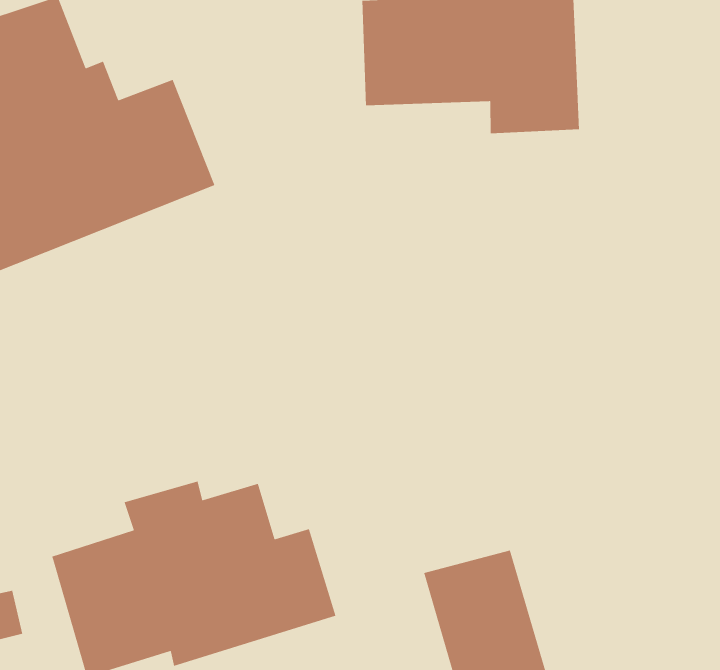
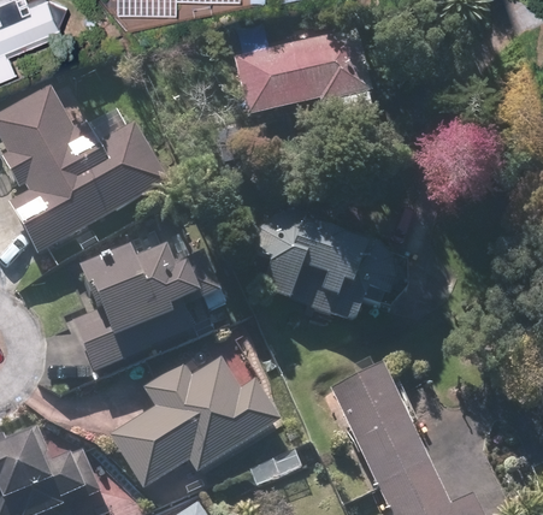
building: none -> [255,206,399,326]
building: none -> [72,250,220,371]

